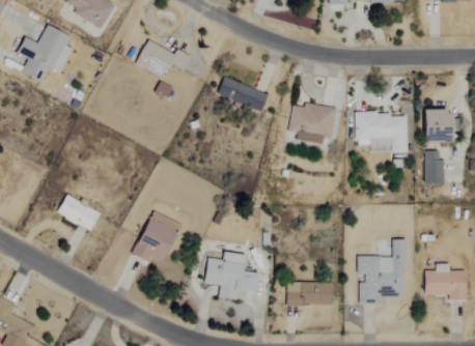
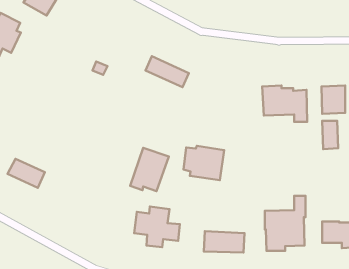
building: [136,39,192,78] -> none
building: [289,103,337,143] -> [184,146,224,180]
building: [135,211,180,262] -> [130,148,169,191]

